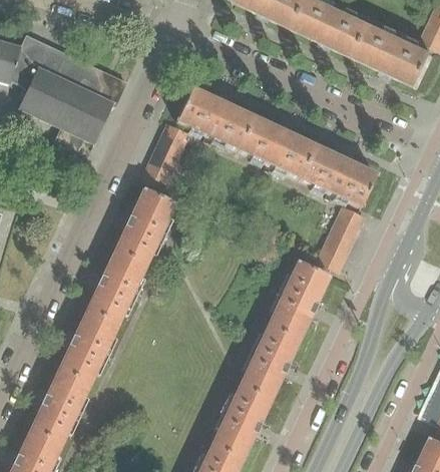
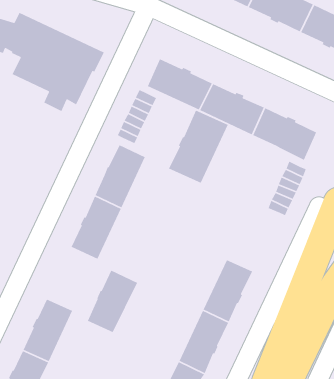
building: none -> [168,109,229,184]
building: [270,263,329,337] -> none
building: [59,309,119,383] -> [87,270,138,333]

